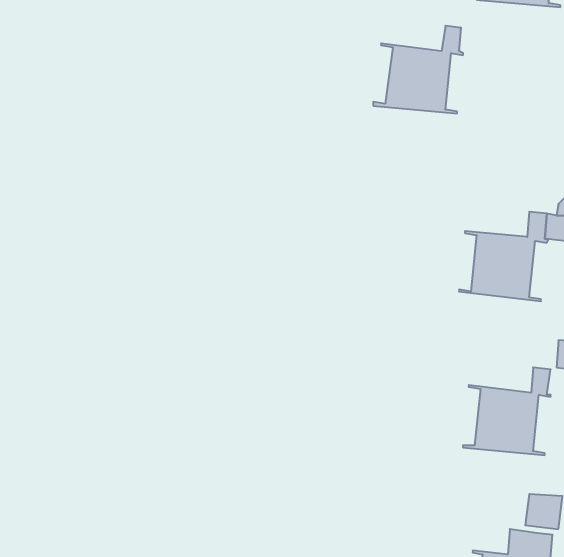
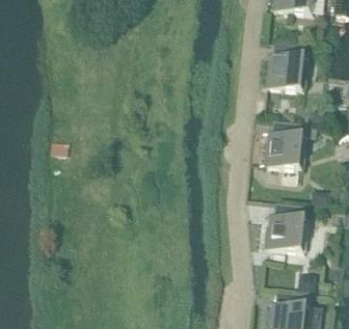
building: [373,26,463,113] -> [261,43,308,89]

